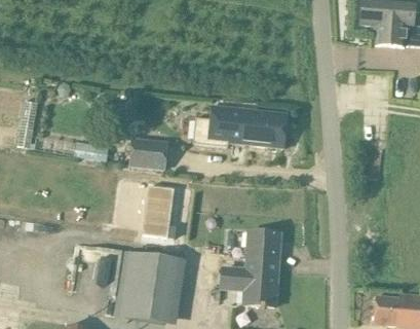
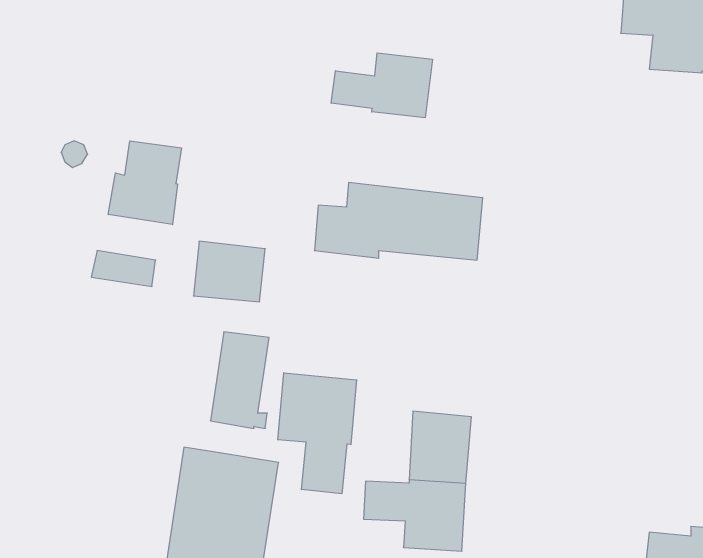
building: none -> [331,53,432,118]
building: none -> [108,141,181,225]
building: none -> [278,373,356,494]

